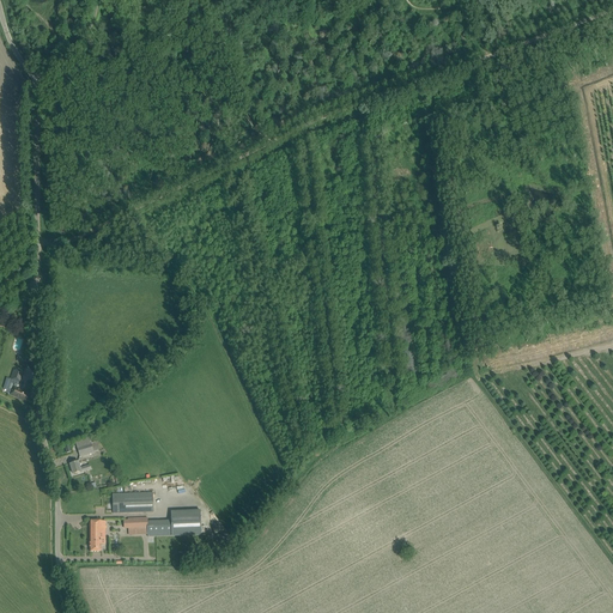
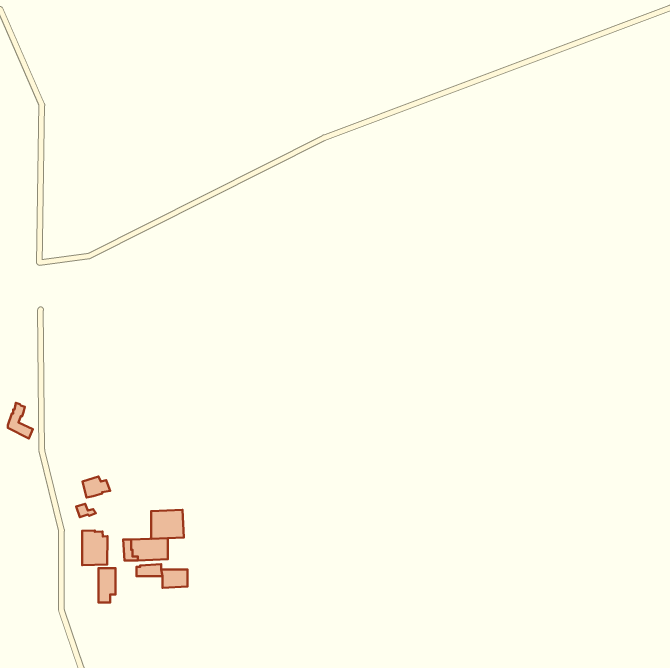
building: none -> [82,531,107,565]
building: [171,510,201,536] -> [151,510,184,539]

